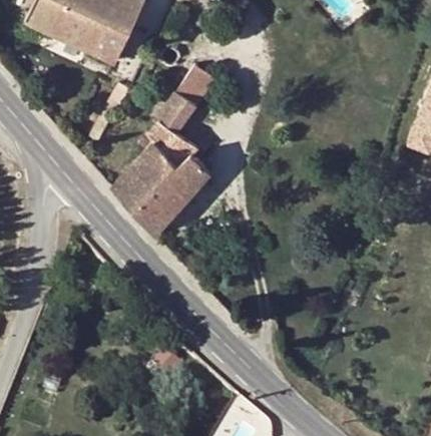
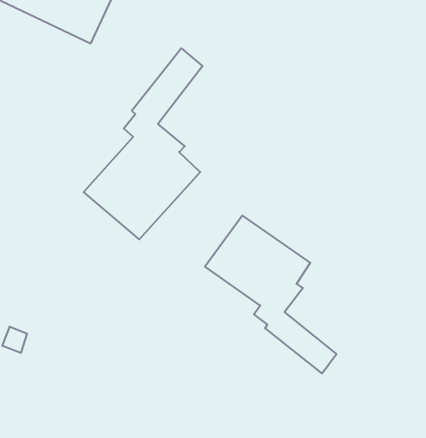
building: none -> [205,216,336,373]

